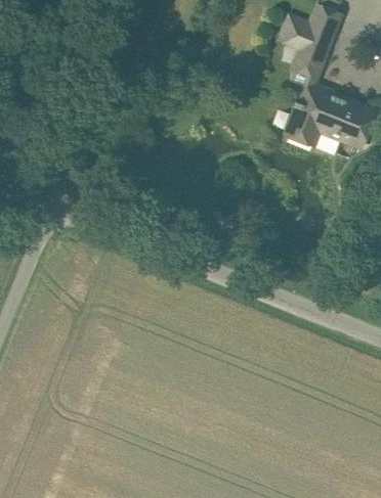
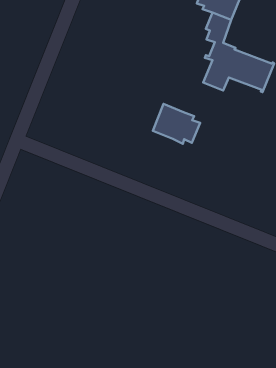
building: none -> [153,104,200,144]

